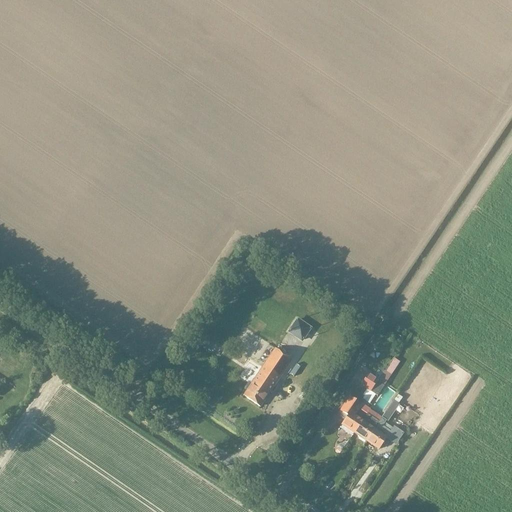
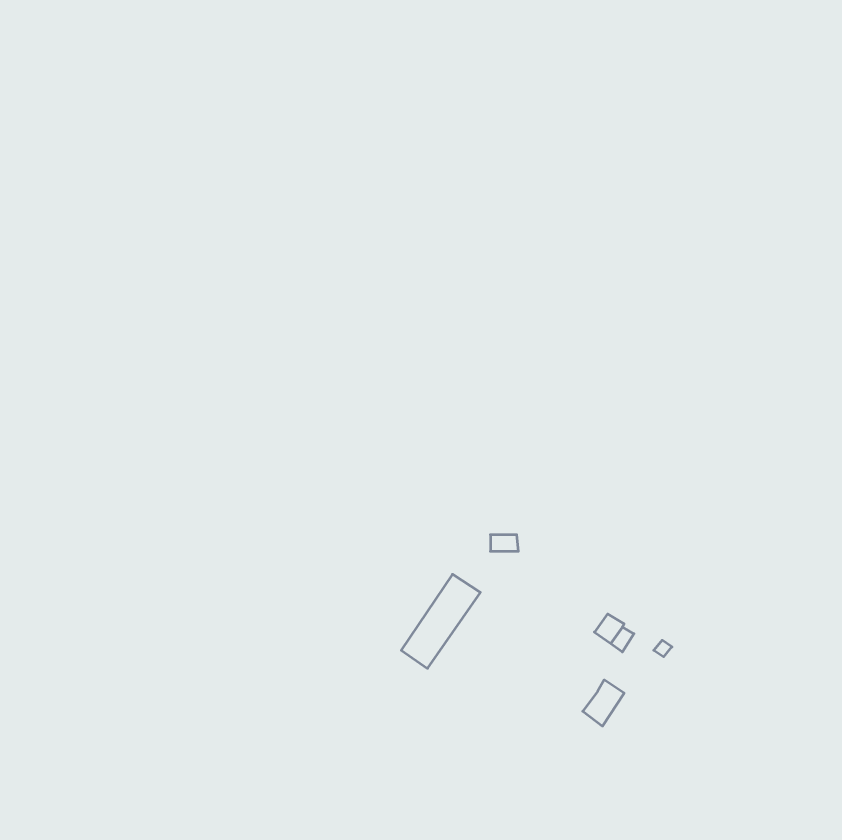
building: [342,395,363,431] -> none
building: [366,415,398,448] -> none

